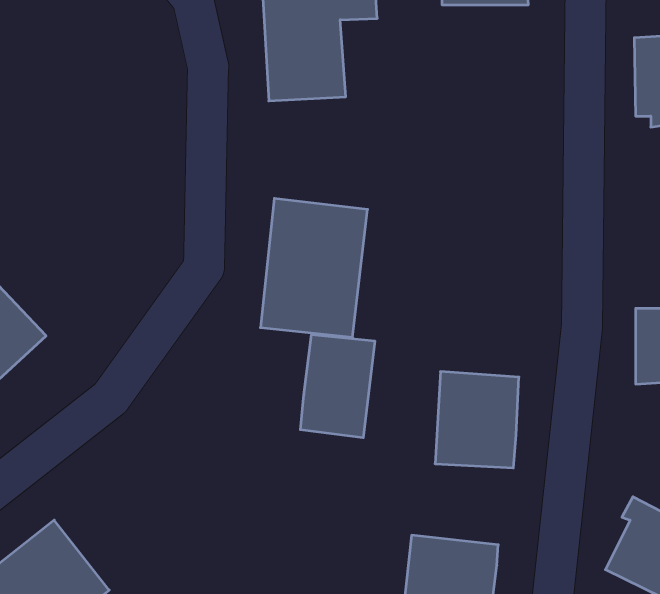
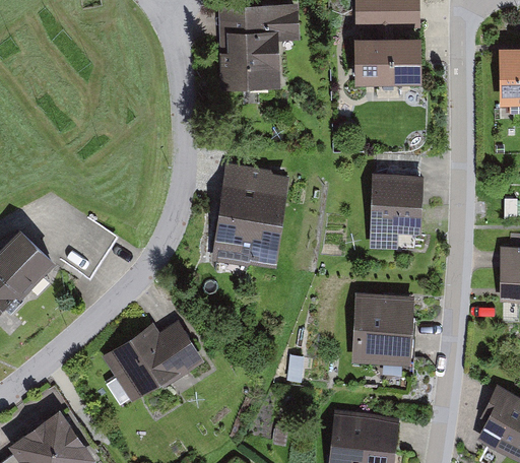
building: none -> [352,36,419,82]
building: none -> [367,171,420,250]
building: [300,334,375,438] -> none
building: none -> [108,307,216,407]

